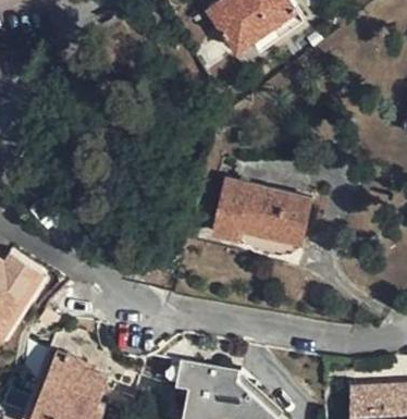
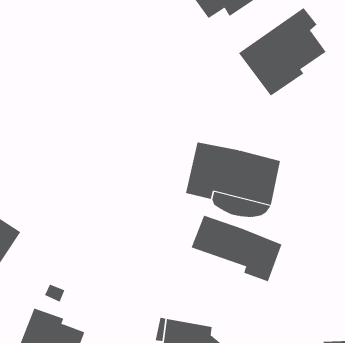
building: none -> [238,7,326,96]
building: none -> [191,215,282,282]

